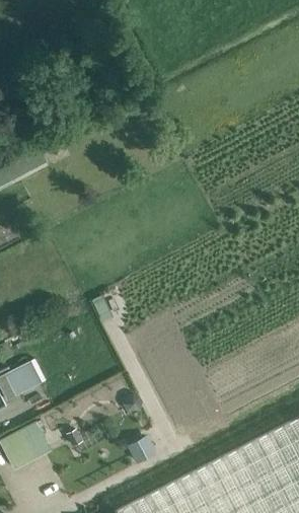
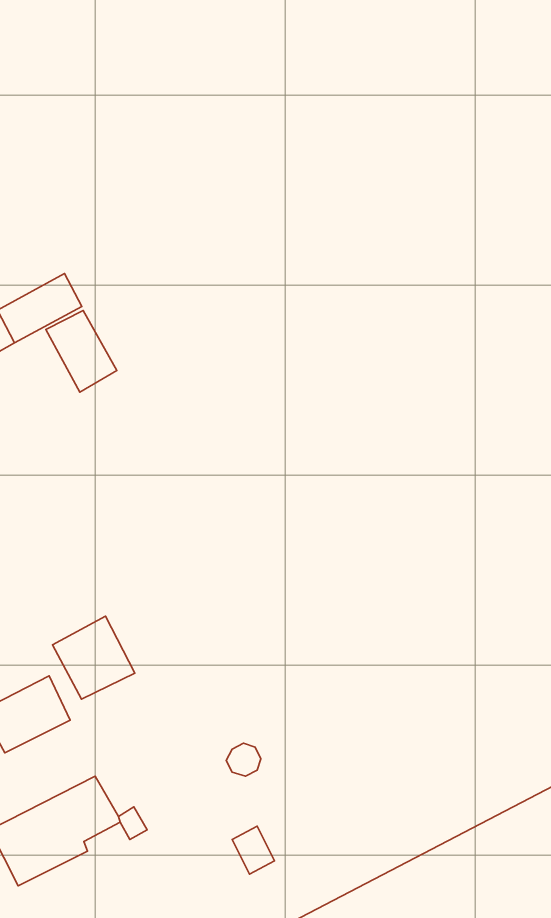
building: none -> [46,310,117,392]
building: none -> [53,616,135,699]

